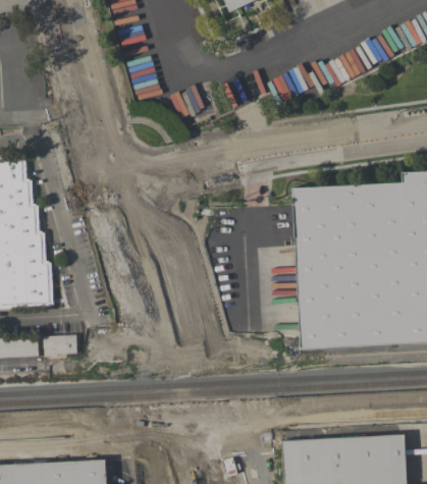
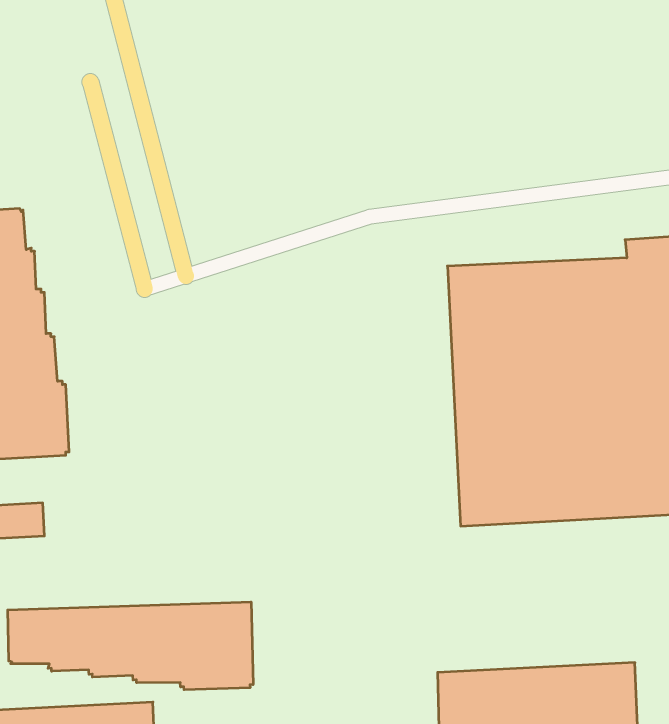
building: [43,334,77,356] -> none
building: none -> [8,602,253,690]

